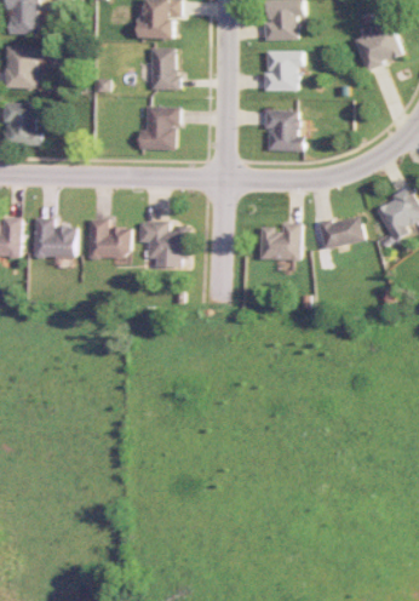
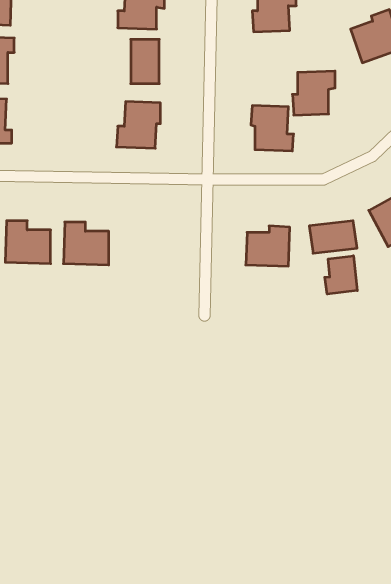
building: [263,50,303,91] -> [292,71,335,115]
building: [138,221,188,267] -> none
building: none -> [325,256,357,294]

